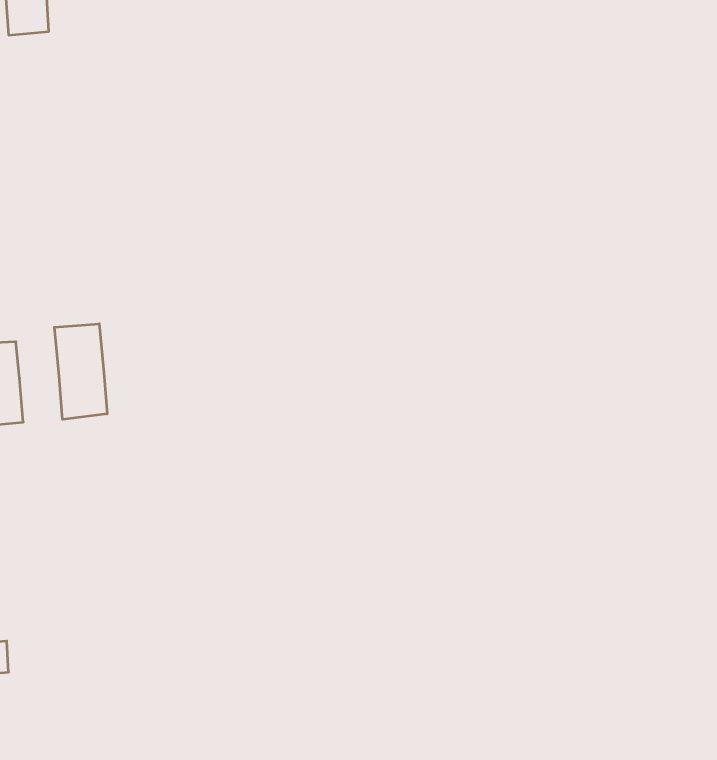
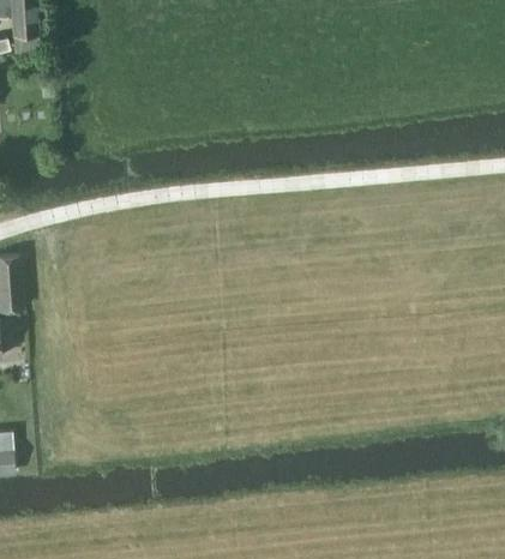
building: [54,324,107,419] -> none

